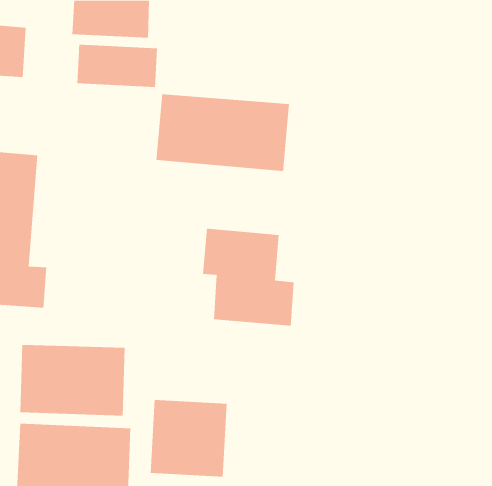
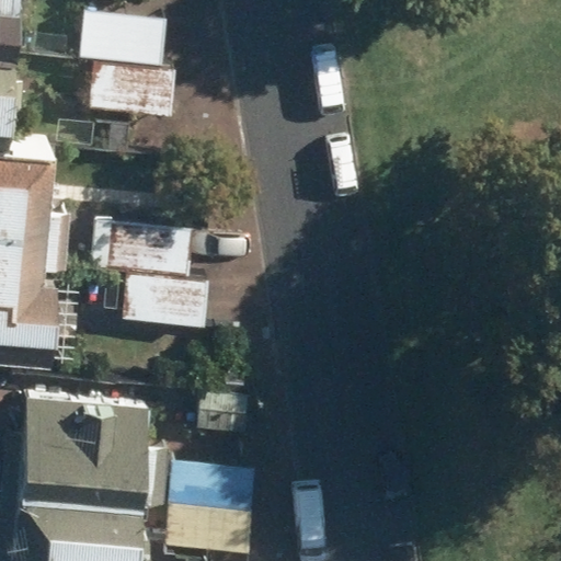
building: [156,93,290,172] -> none
building: [202,228,294,326] -> [108,219,211,329]

